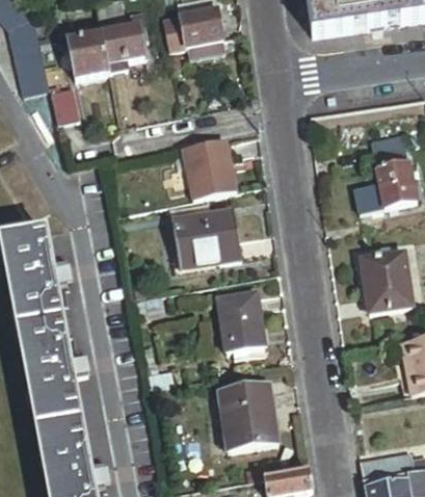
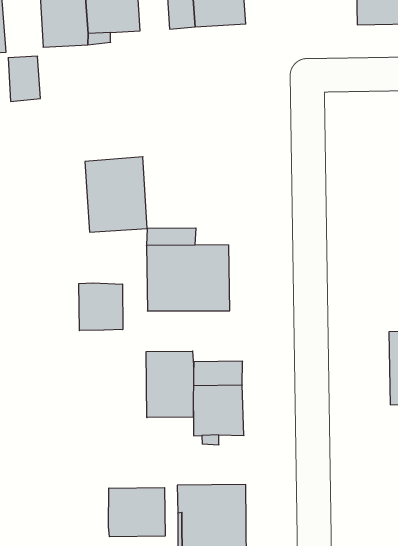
building: [181,136,234,198] -> [85,157,147,232]
building: none -> [79,283,123,331]
building: none -> [146,351,193,418]
building: none -> [108,488,165,537]

